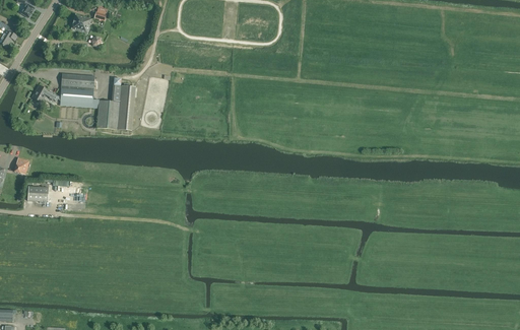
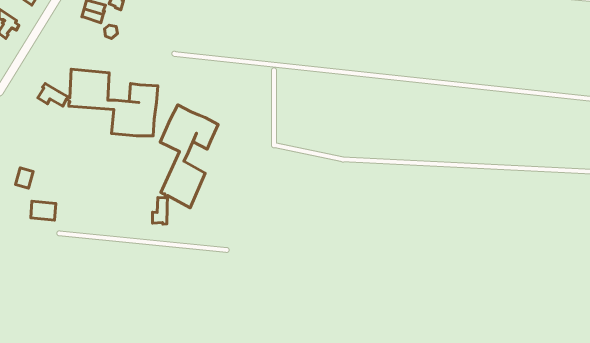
building: none -> [152,105,218,224]

